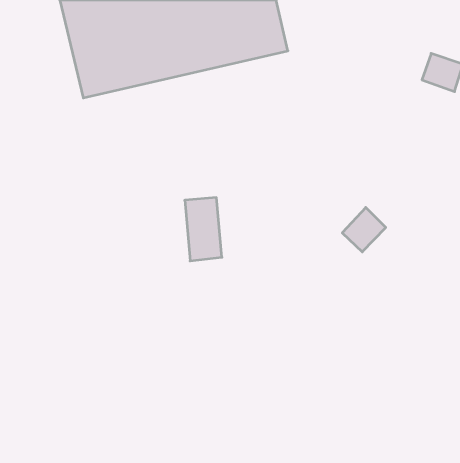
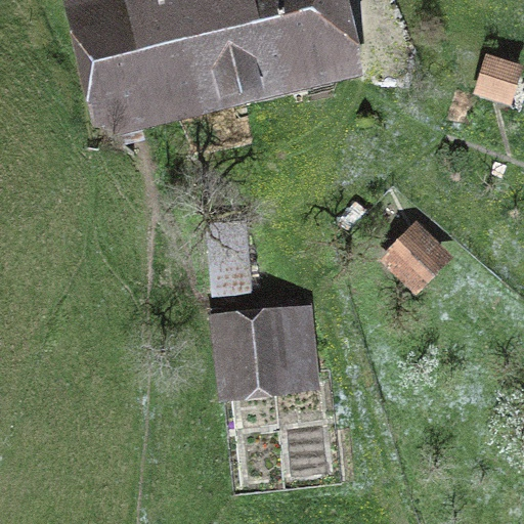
building: none -> [229,319,314,387]

